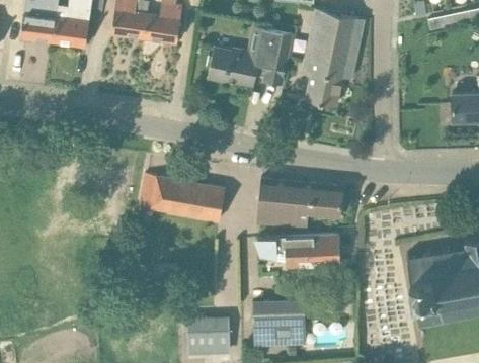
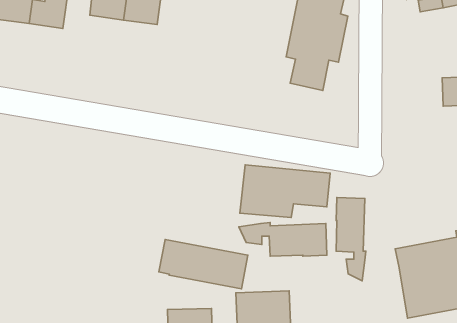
building: [207,25,293,86] -> none
building: [140,174,226,221] -> [159,239,248,289]
building: none -> [336,198,366,281]

